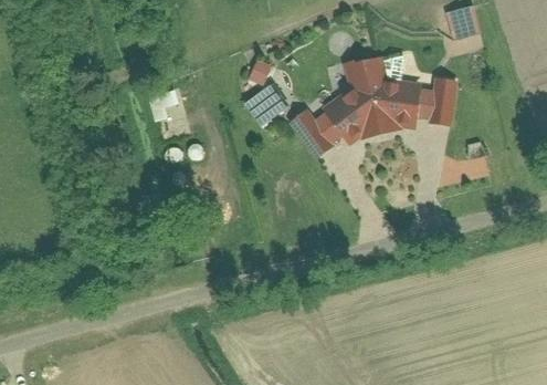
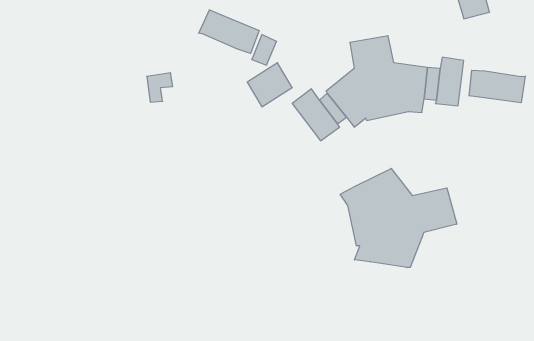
building: none -> [199,10,259,53]
building: none -> [469,70,525,103]
building: none -> [340,168,457,268]

